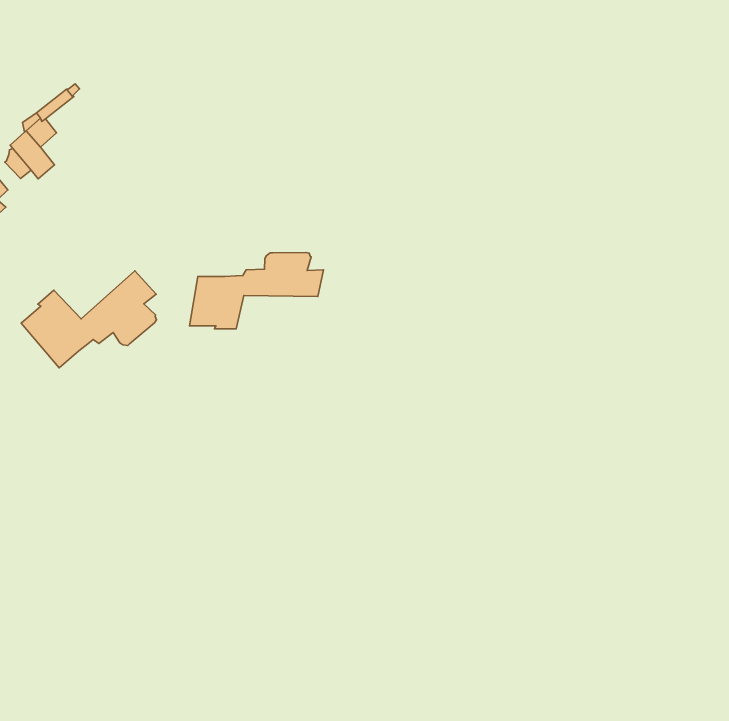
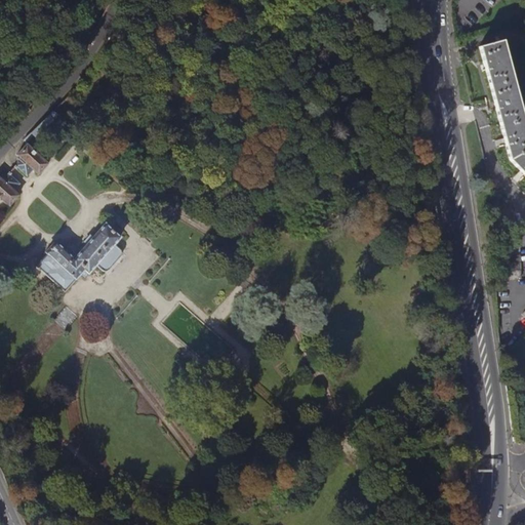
building: [189,252,323,329] -> none

